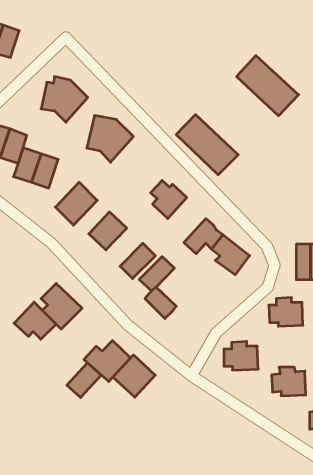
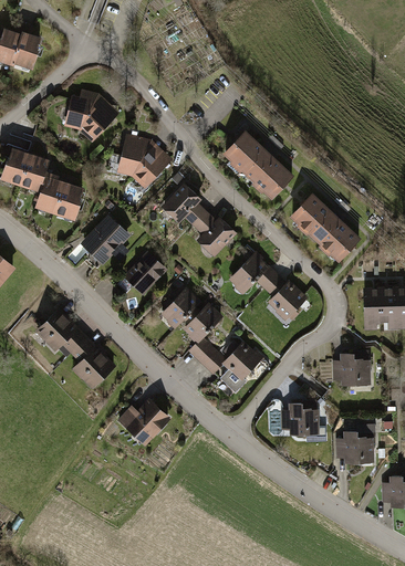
building: [237,56,299,116] -> [288,195,360,264]
building: none -> [160,184,207,228]
building: none -> [220,340,261,381]
building: [14,302,56,339] -> [35,307,84,350]
building: [113,355,155,397] -> none
building: [67,363,101,398] -> none

